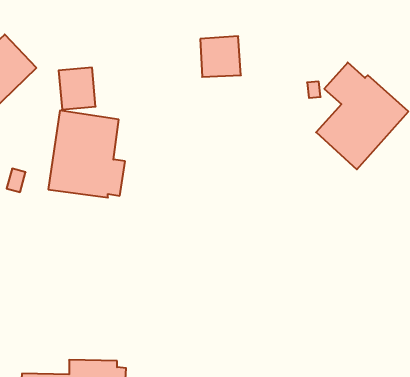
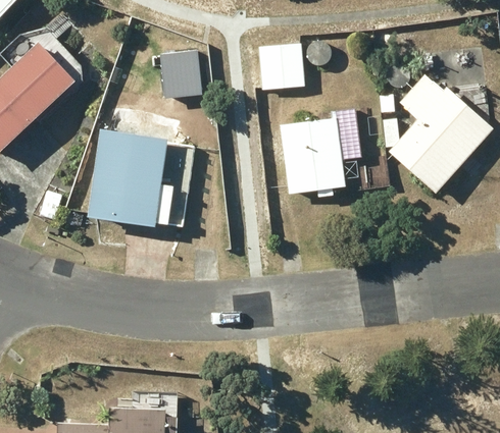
building: [59,68,96,109] -> [159,51,201,98]
building: none -> [281,108,361,197]

